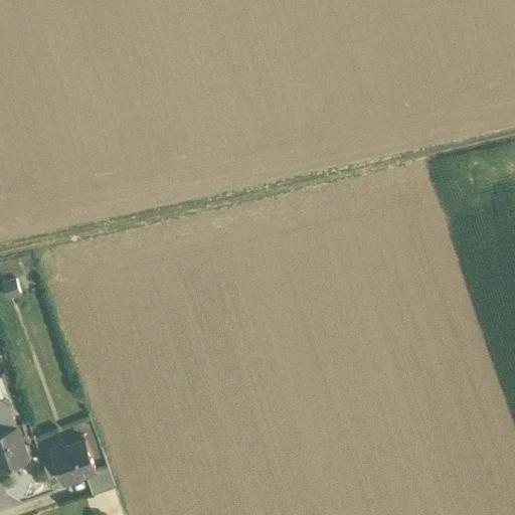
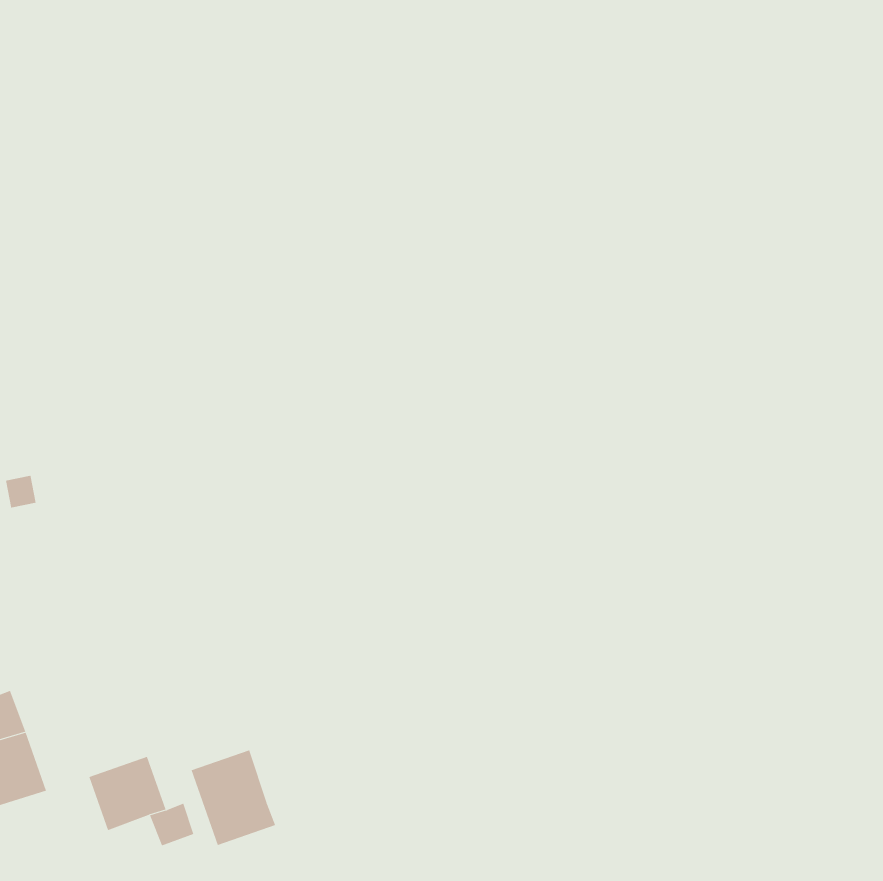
building: none -> [191,749,276,846]

